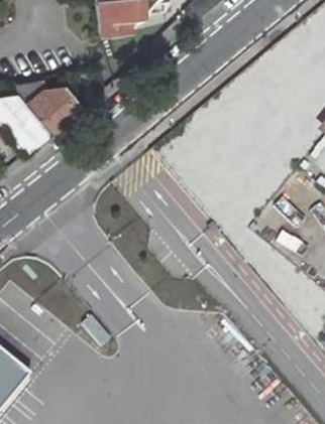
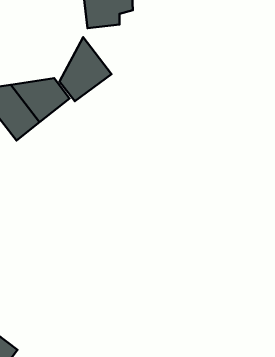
building: none -> [59,37,111,101]

